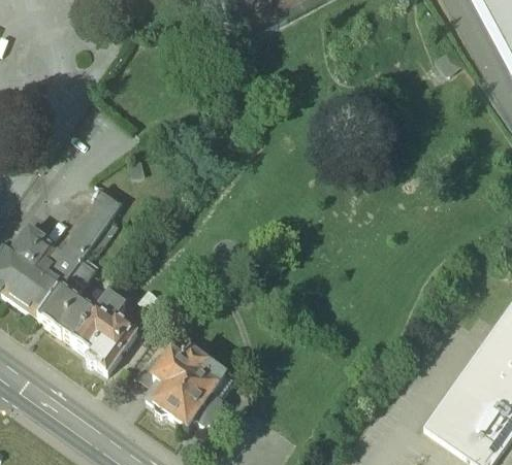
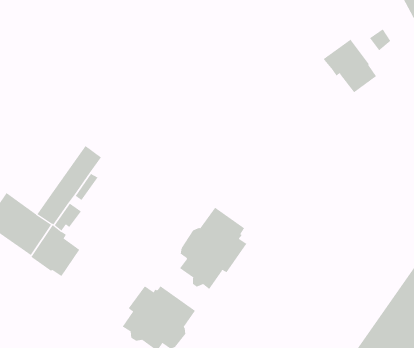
building: none -> [323,39,377,93]
building: [15,219,60,264] -> none
building: none -> [179,207,247,290]
building: [74,289,138,369] -> none

